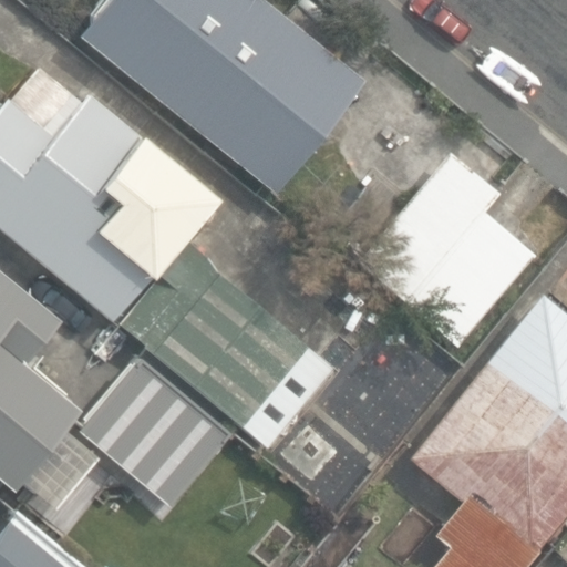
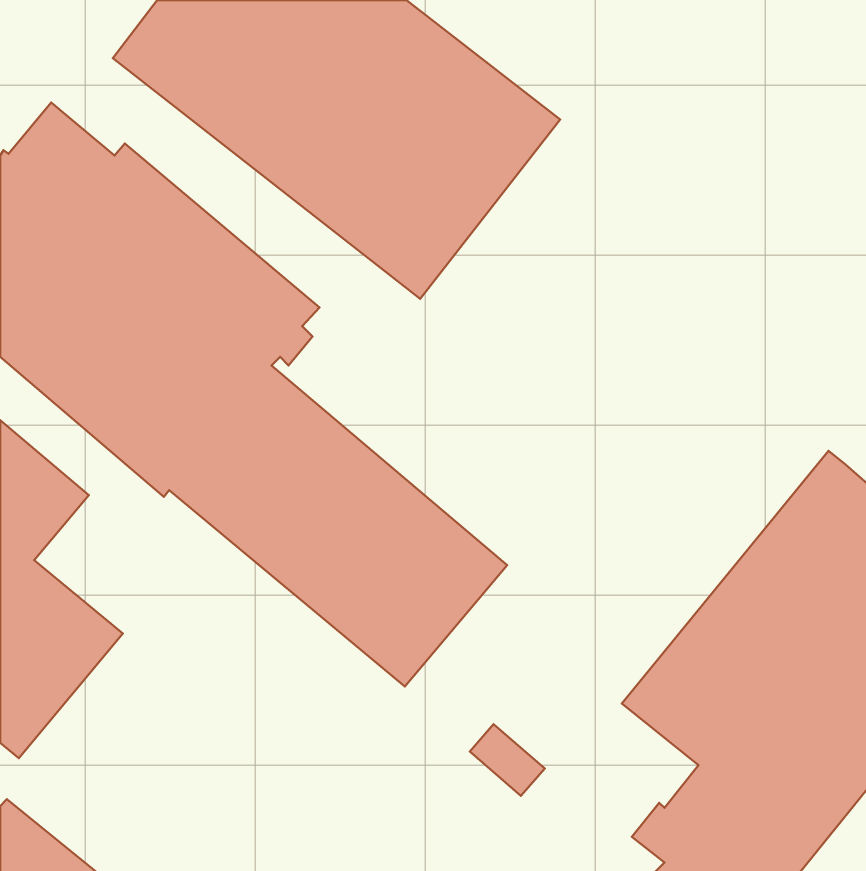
building: [358,148,537,347] -> none
building: [79,357,230,506] -> none

